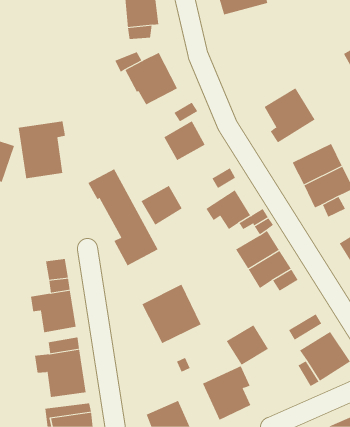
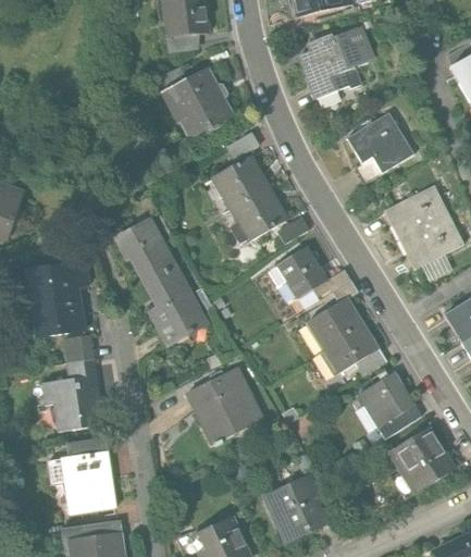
building: none -> [298,28,373,99]
building: [18,121,66,179] -> [28,260,90,335]
building: [140,185,183,226] -> [233,187,287,239]
building: [226,324,269,366] -> [357,373,412,426]

